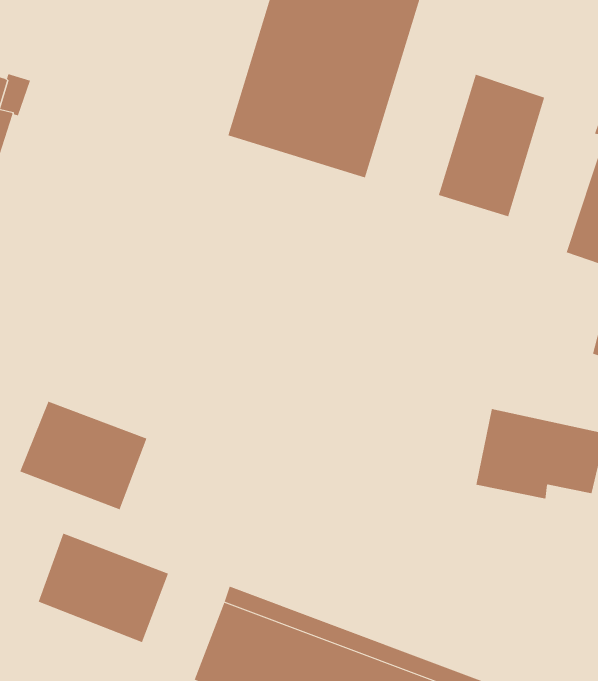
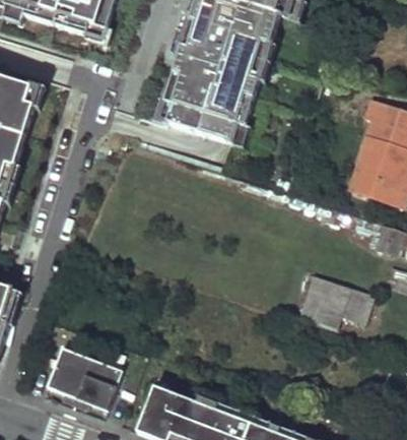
building: [438,74,545,217] -> none
building: [20,401,147,510] -> none

